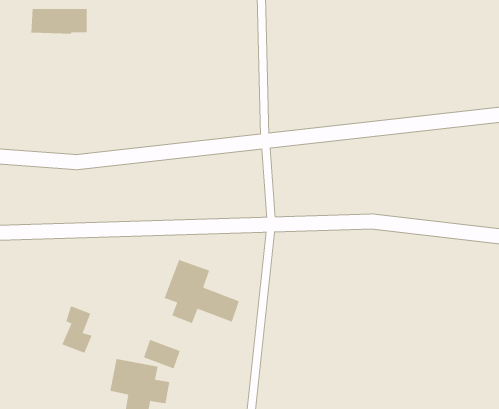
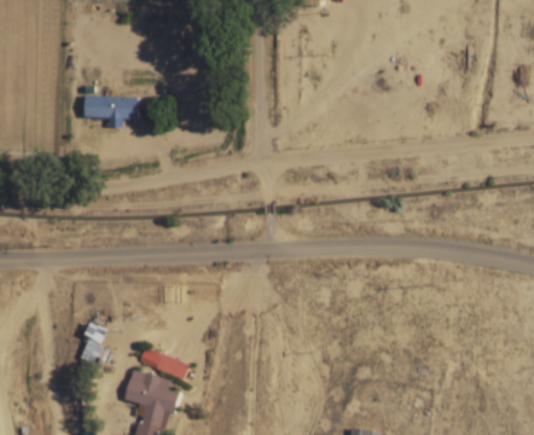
building: [31,8,87,34] -> [83,95,137,120]
building: [164,259,239,324] -> none

